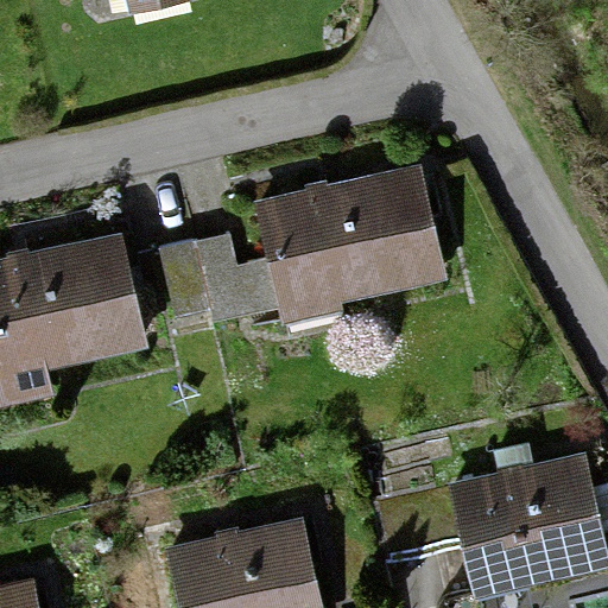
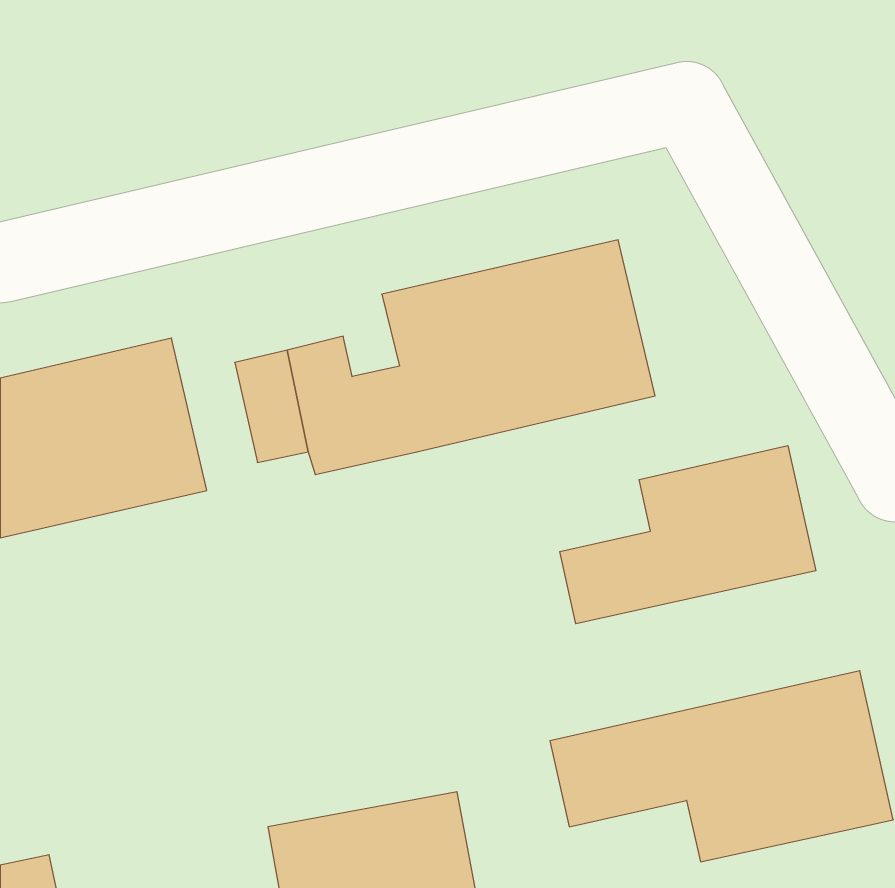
building: none -> [560,446,816,624]

